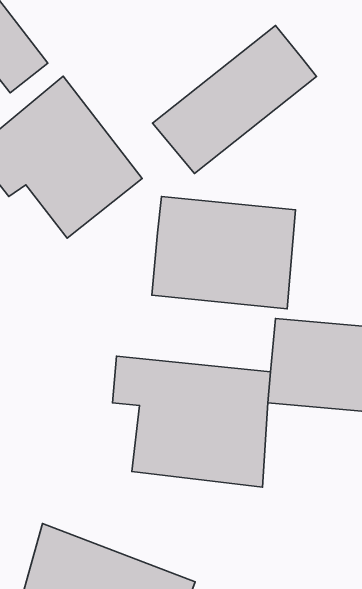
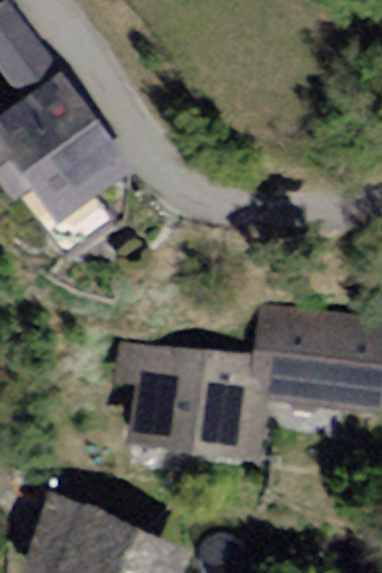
building: [152,25,316,174] -> none
building: [152,196,296,309] -> none

